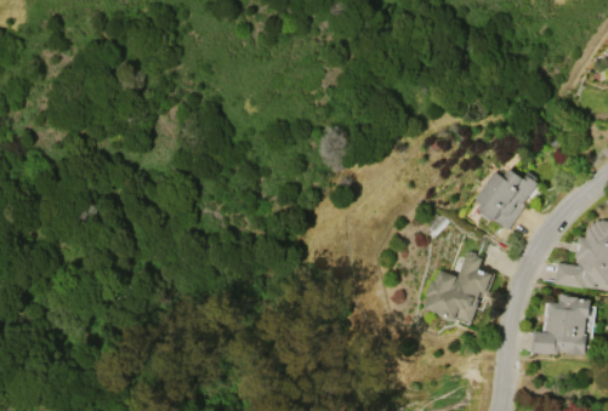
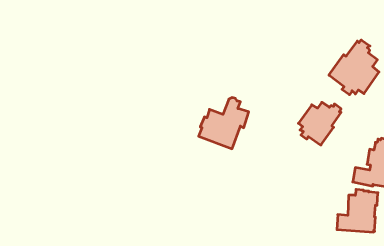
building: none -> [329,40,379,95]
building: [421,252,494,326] -> [199,98,249,149]

